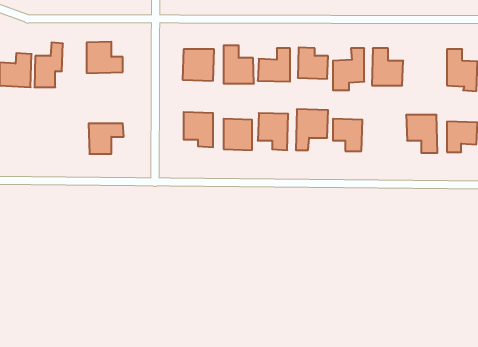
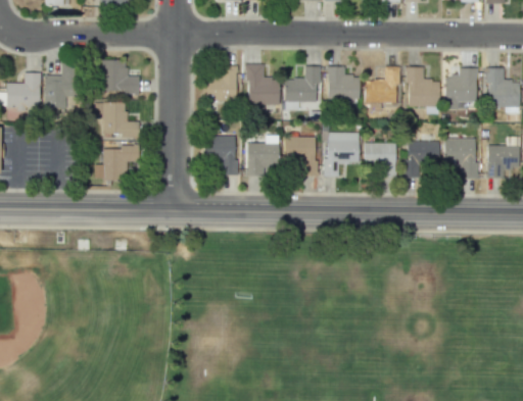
building: none -> [444,67,477,109]
building: none -> [94,101,139,138]
building: none -> [406,140,439,177]

